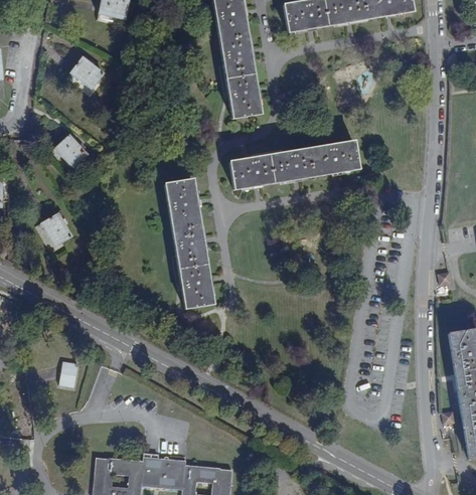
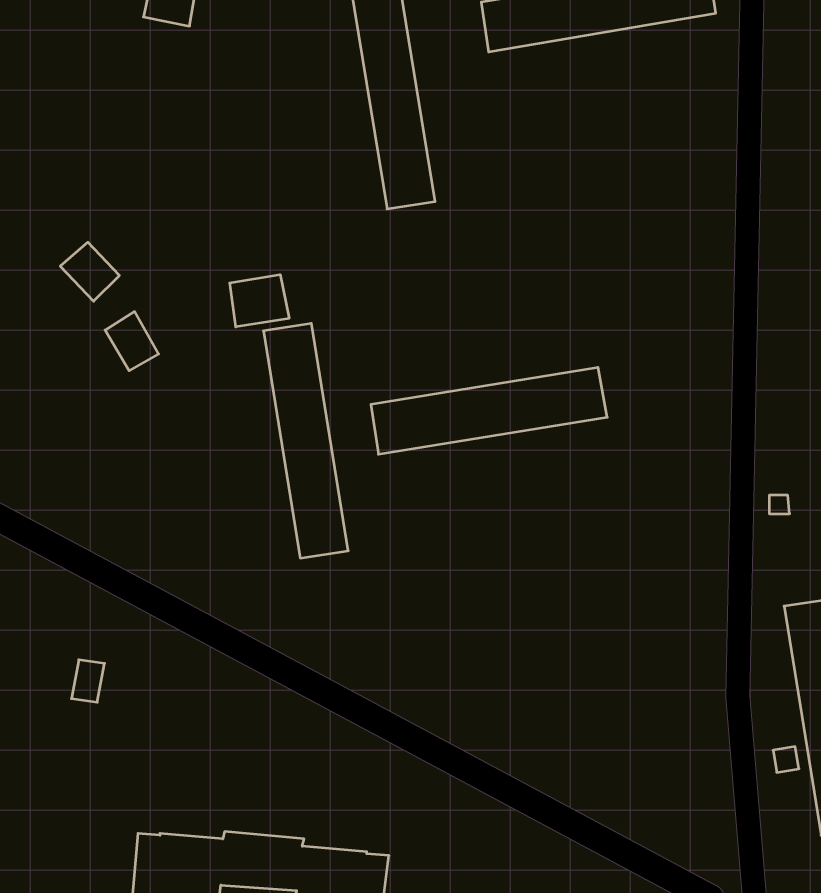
building: [69,55,103,88] -> none
building: [229,141,358,188] -> [371,367,607,454]
building: none -> [230,275,289,327]
building: [41,212,70,244] -> [105,312,159,371]

